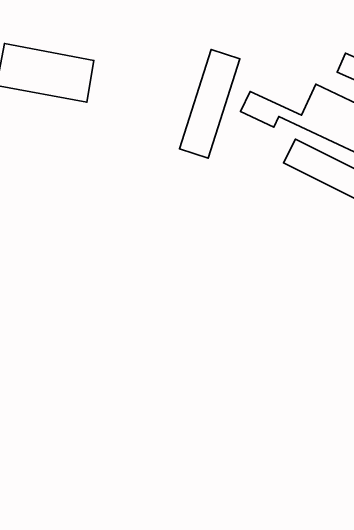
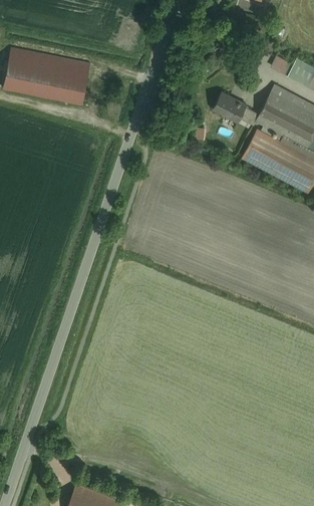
building: [179,50,240,158] -> none

